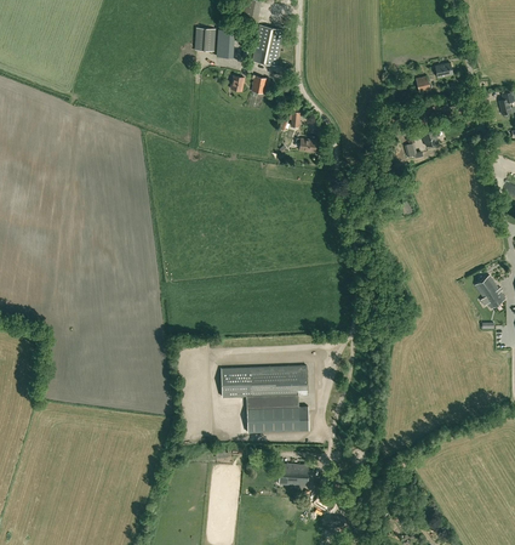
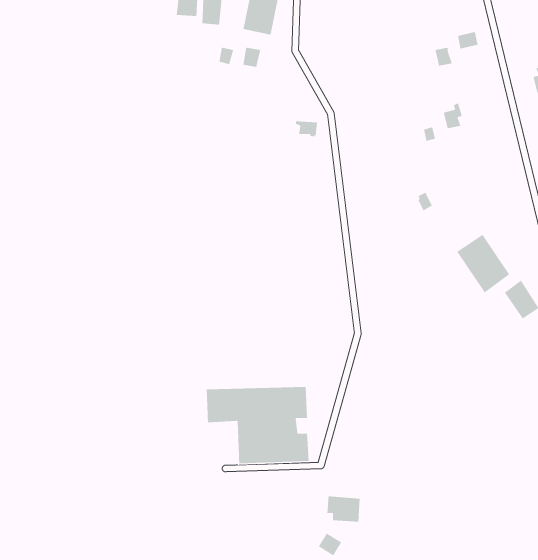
building: none -> [456,234,510,294]
building: [280,462,309,486] -> [327,495,361,522]

